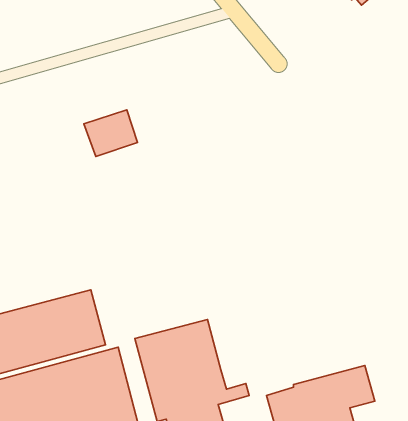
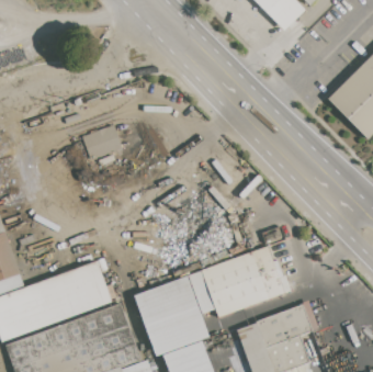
building: none -> [188,247,291,317]

